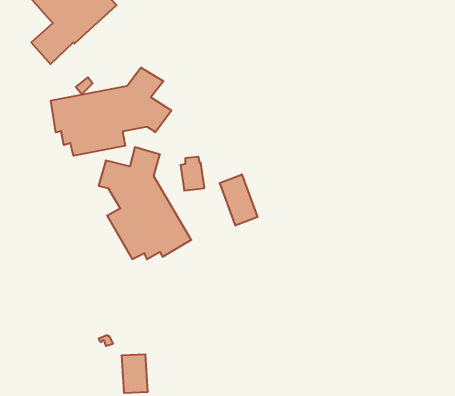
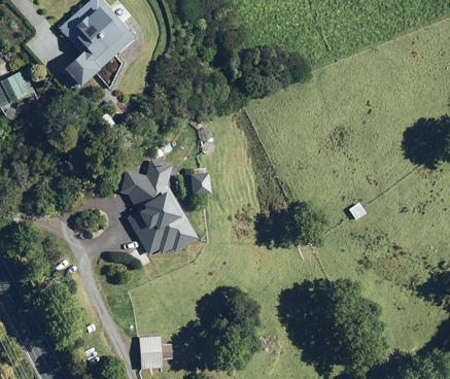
building: [51,67,171,156] -> none
building: [220,174,257,226] -> none

